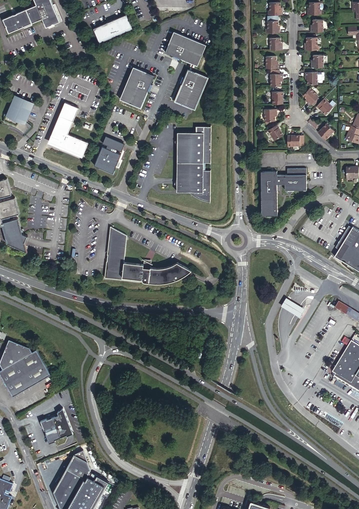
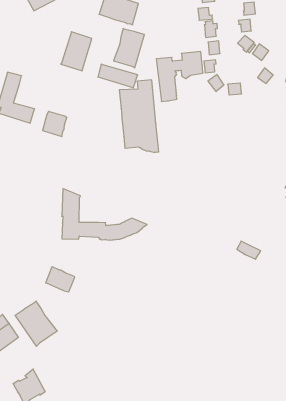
building: none -> [98,64,138,88]
building: [260,168,306,215] -> [156,52,203,102]
building: none -> [46,267,74,292]
building: none -> [15,301,57,346]

